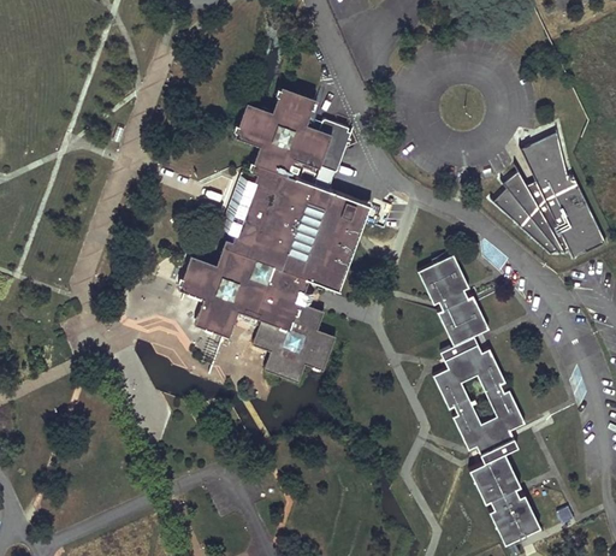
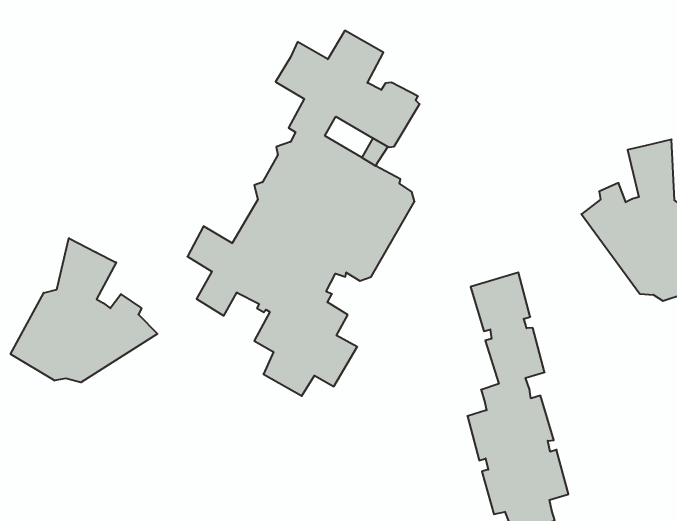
building: none -> [11,238,157,382]

